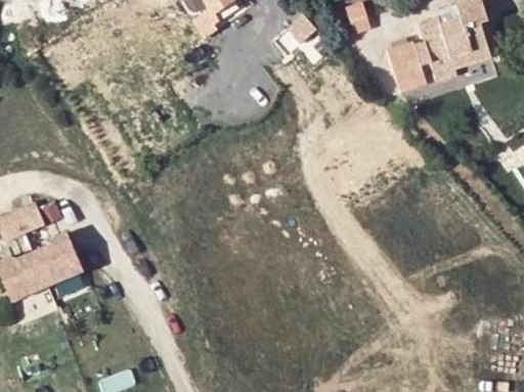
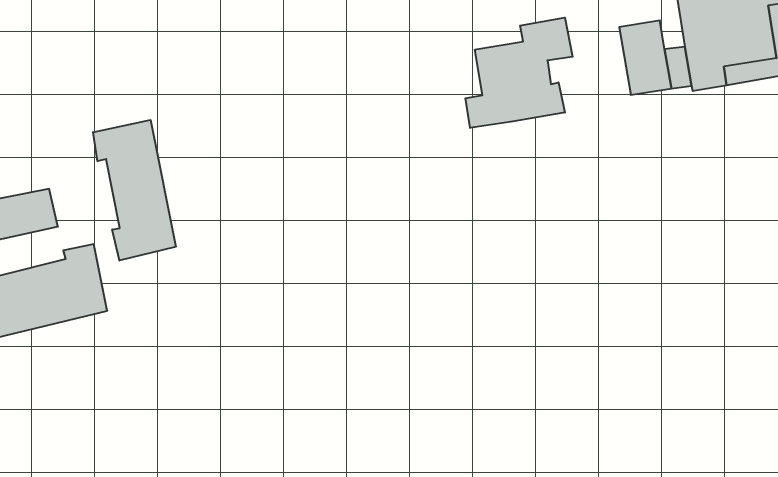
building: none -> [465,18,573,128]
building: none -> [93,120,176,261]

